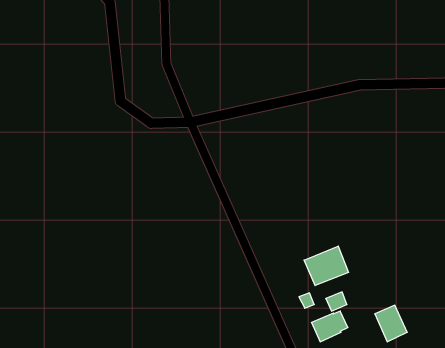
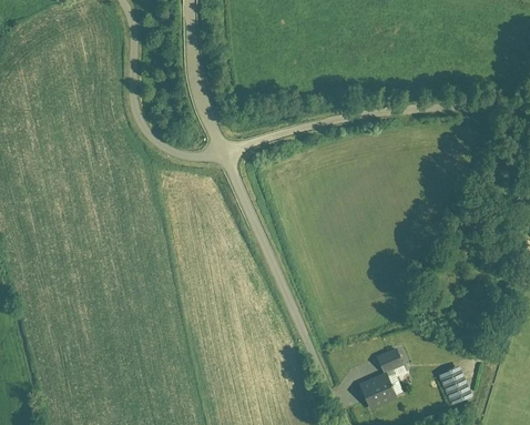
building: [304,246,348,286] -> none

